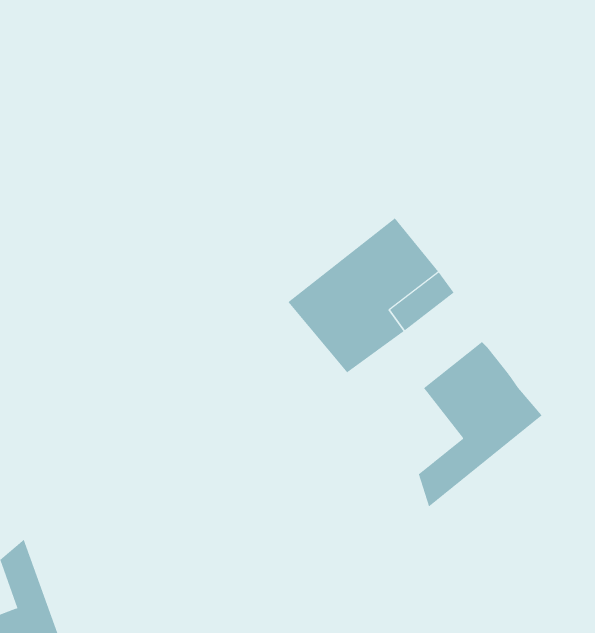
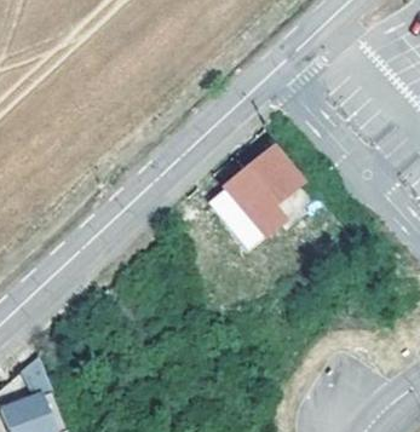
building: [418,341,544,507] -> none

